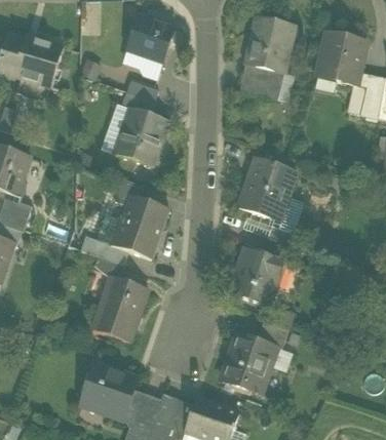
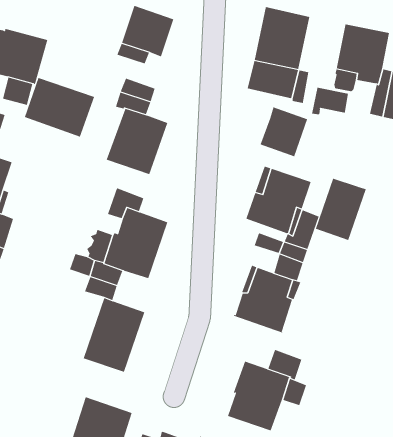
building: none -> [24,77,95,138]
building: none -> [311,87,348,115]
building: none -> [260,107,308,157]
building: none -> [315,178,367,241]

